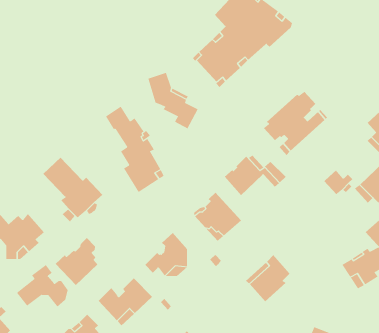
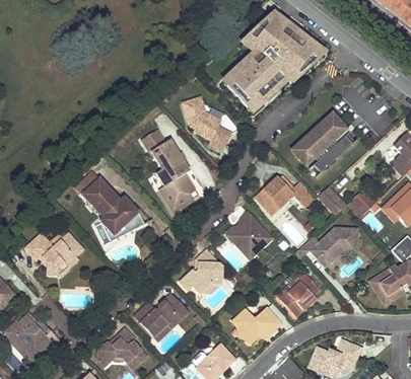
building: none -> [317,185,346,215]
building: none -> [295,227,355,264]
building: [55,237,98,286] -> none
building: [16,264,68,308] -> none
building: none -> [231,307,281,342]

